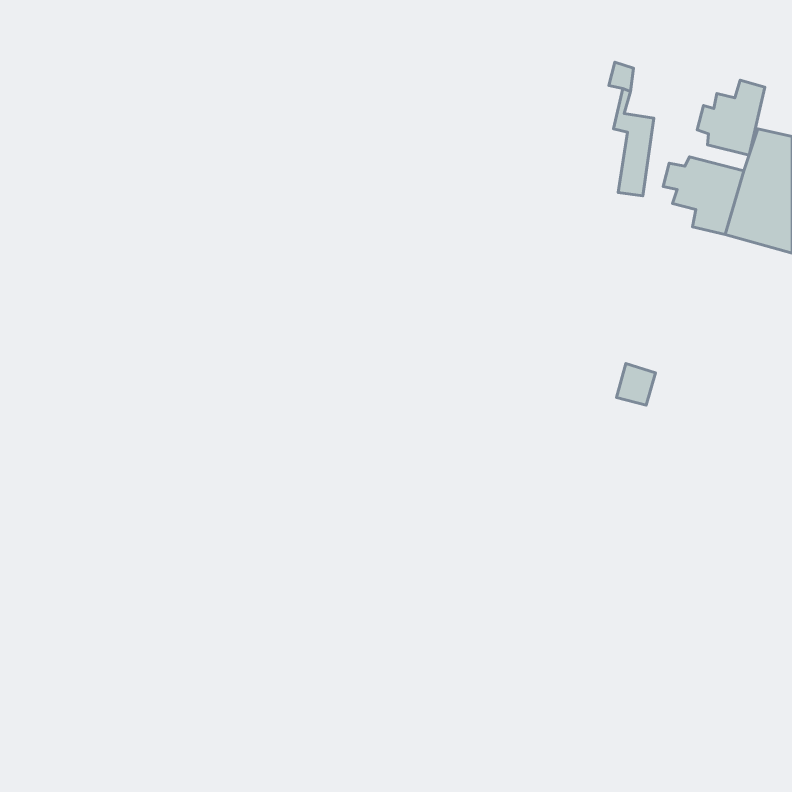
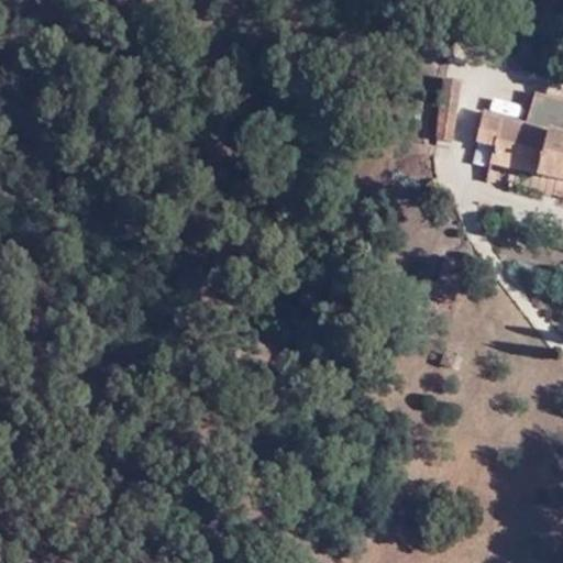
building: [697,80,765,155] -> none

